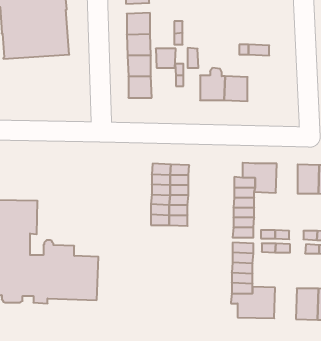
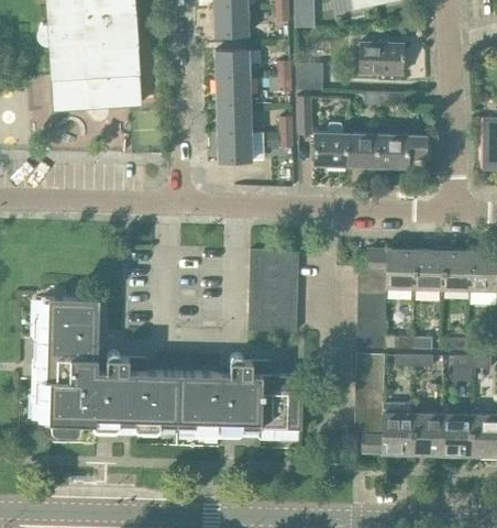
building: none -> [360,42,404,74]
building: [156,49,176,68] -> [297,64,323,89]
building: none -> [377,134,426,167]
building: none -> [415,249,443,288]
building: none -> [178,353,305,437]
building: none -> [412,412,442,454]

